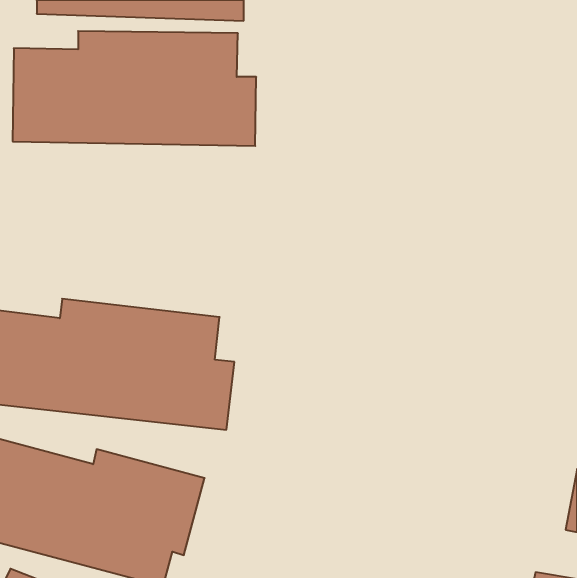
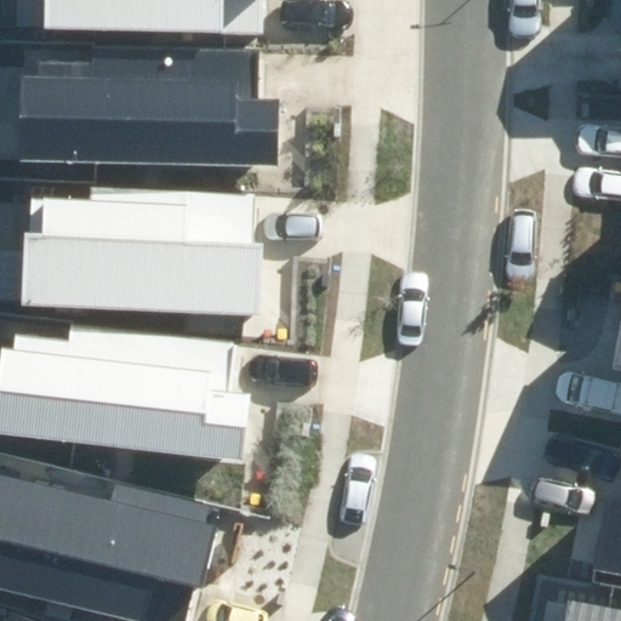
building: none -> [21,183,260,315]

